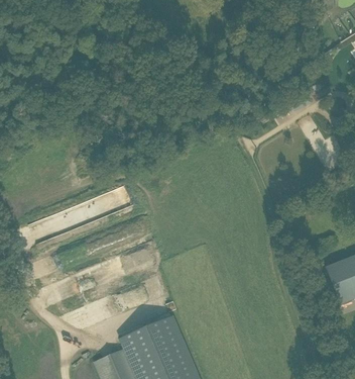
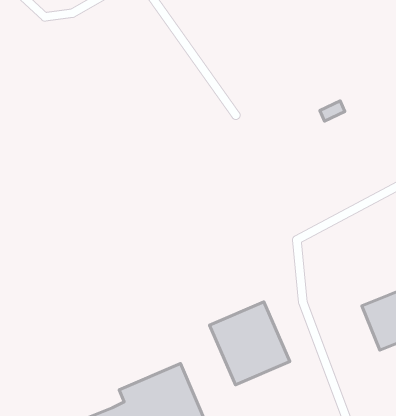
building: none -> [210,302,290,385]

